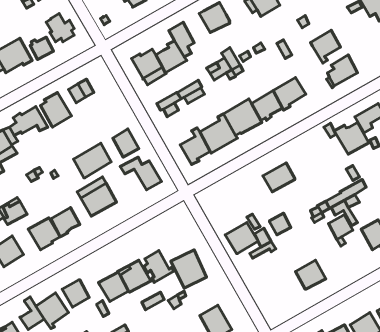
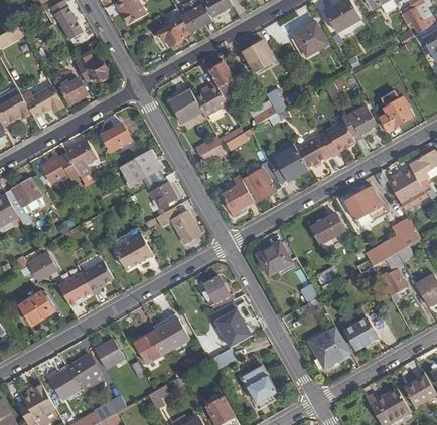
building: [310,30,341,63] -> [342,104,375,140]
building: none -> [343,186,382,219]
building: [74,143,111,178] -> [120,149,160,186]
building: [225,223,258,254] -> [256,242,291,275]
building: [144,251,174,282] -> [202,276,235,310]
building: none -> [308,327,350,368]

